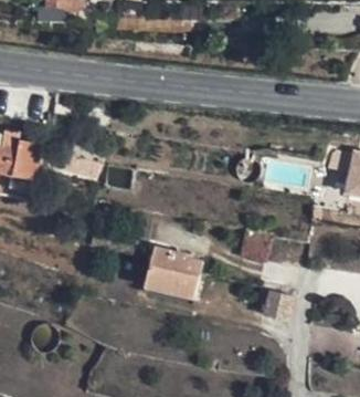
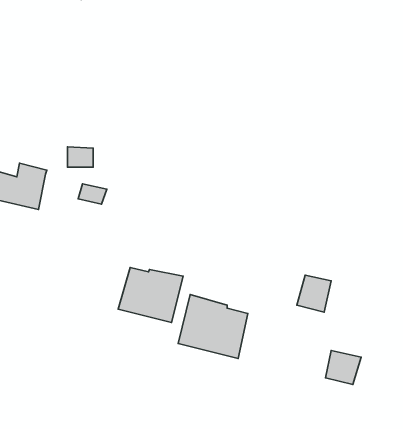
building: none -> [118,267,183,323]

